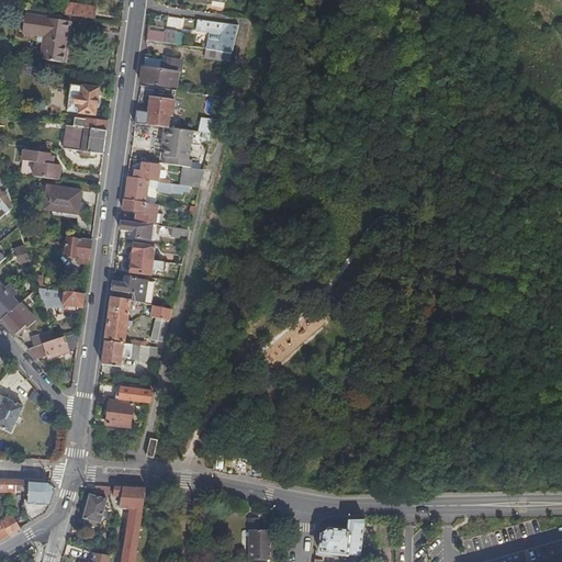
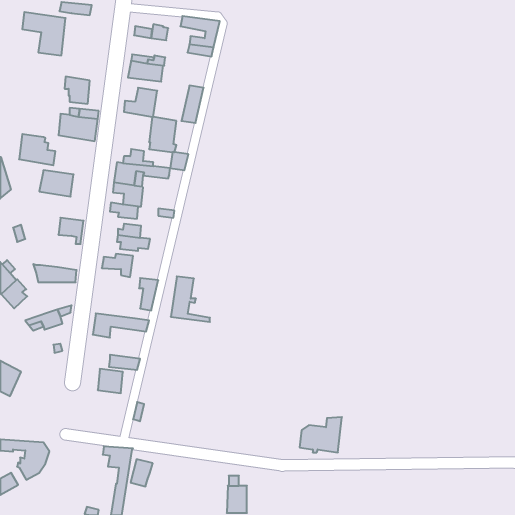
building: [104,297,147,347] -> [171,276,210,322]
building: [82,494,106,524] -> [131,459,153,486]
building: [319,518,366,557] -> [300,417,342,452]

